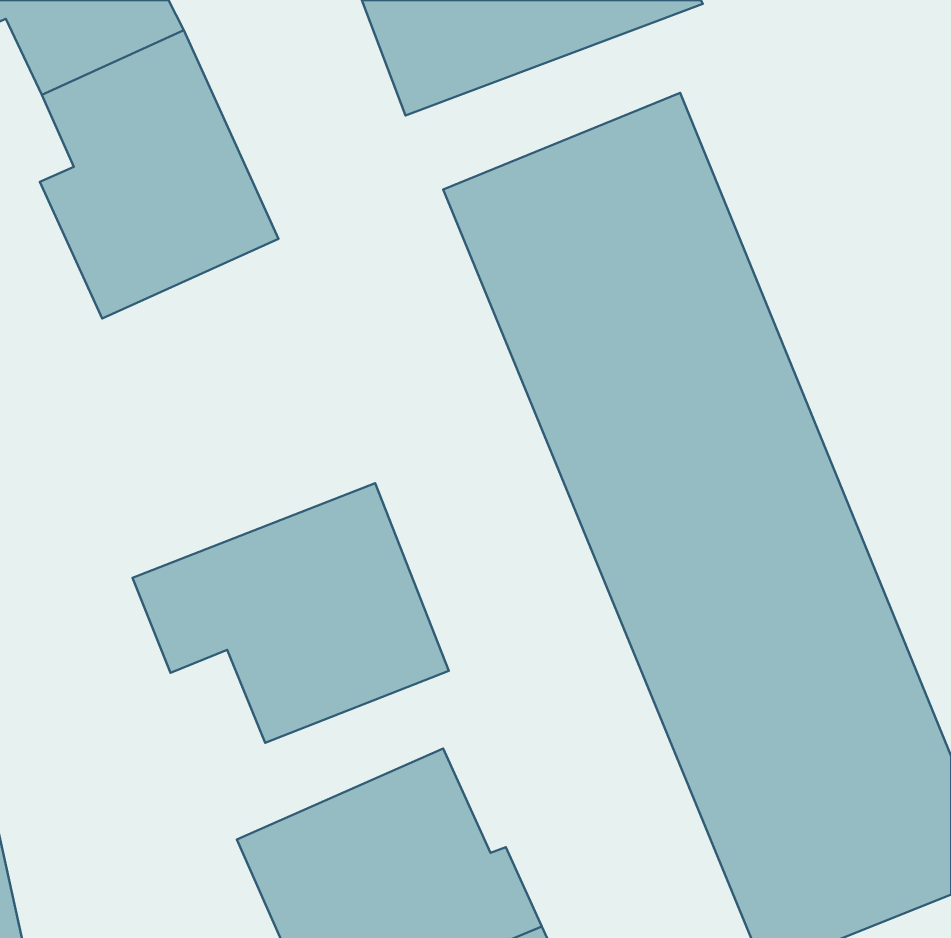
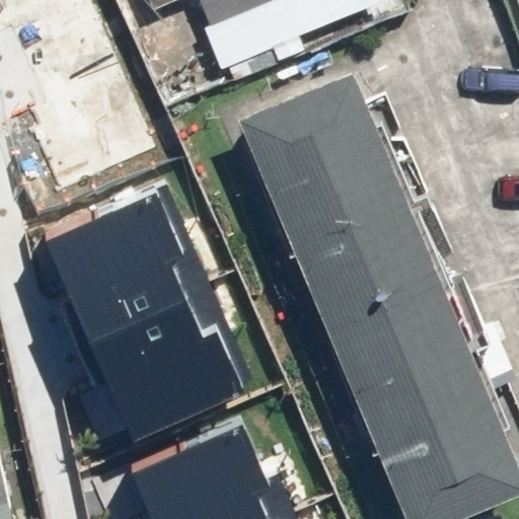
building: none -> [52,175,201,325]

